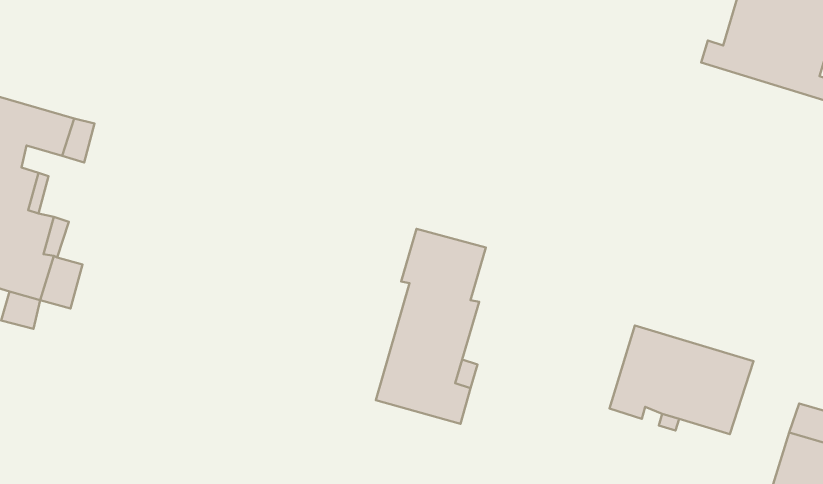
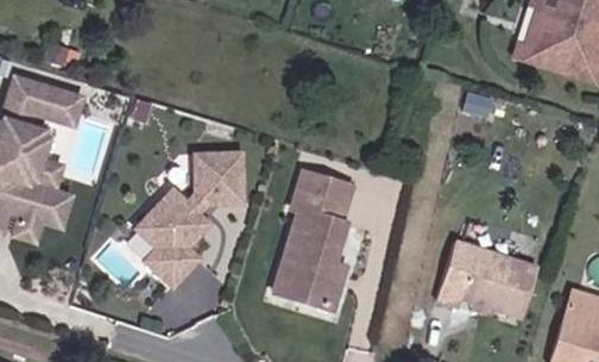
building: none -> [135,150,244,286]

